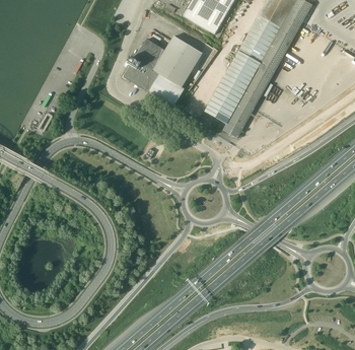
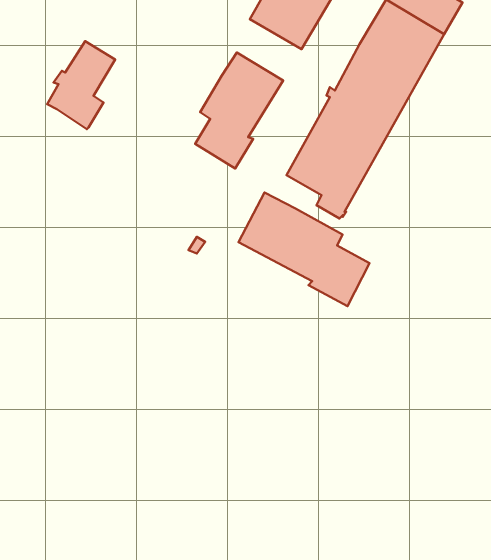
building: [124,39,165,92] -> [47,41,115,129]
building: none -> [238,193,369,306]

